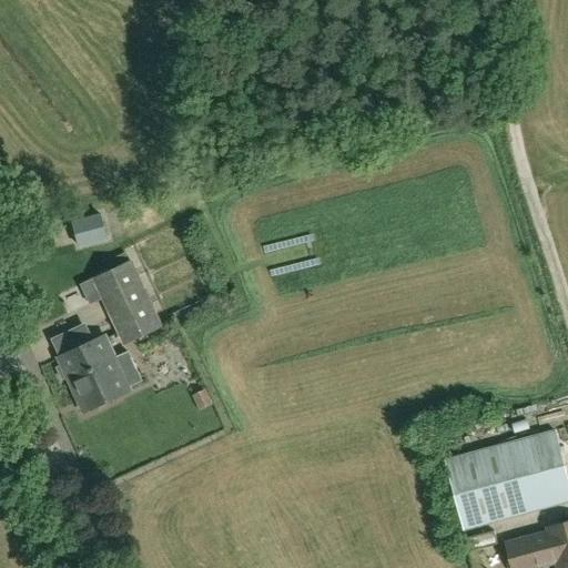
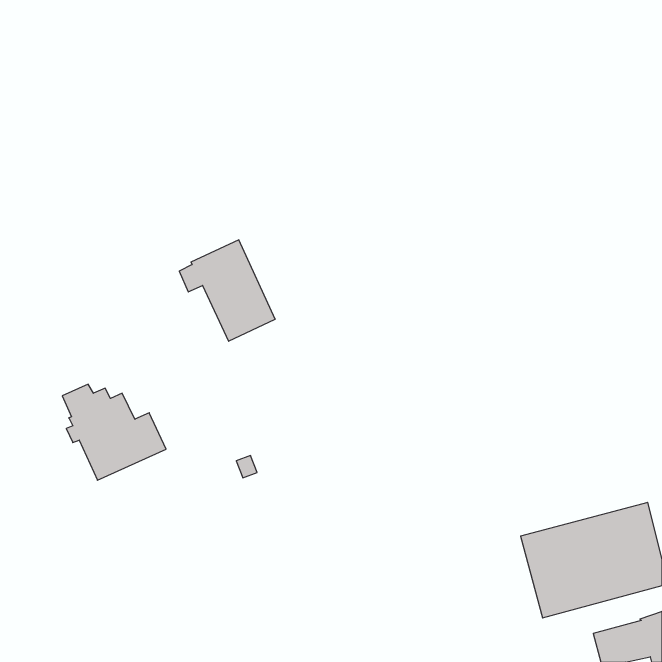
building: [72,214,106,246] -> none
building: [81,258,163,345] -> [179,240,275,341]

